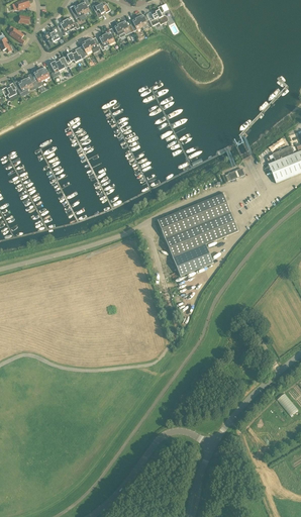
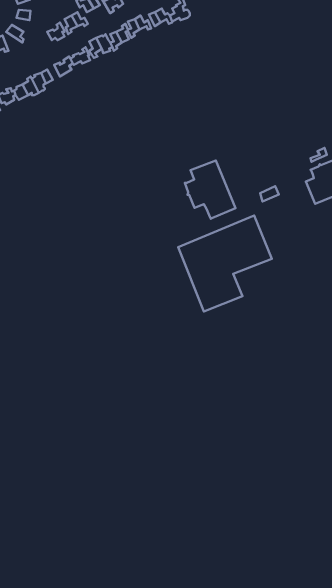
building: none -> [185,160,235,219]

